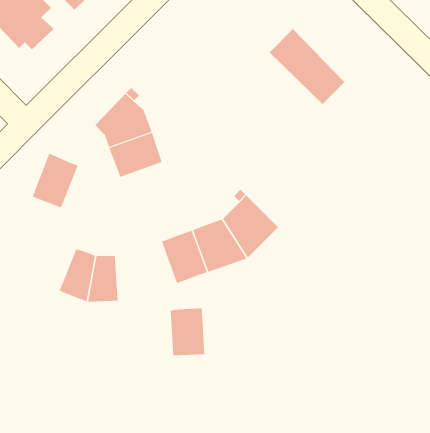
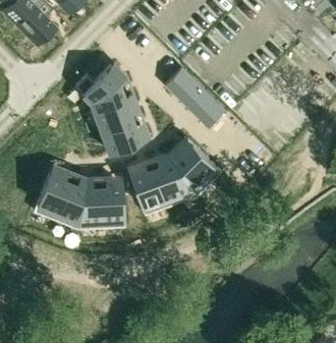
building: [269,28,345,105] -> [164,68,219,123]
building: [32,153,79,208] -> [36,173,69,213]
building: none -> [101,120,139,153]
building: [170,308,205,356] -> [98,185,123,220]

